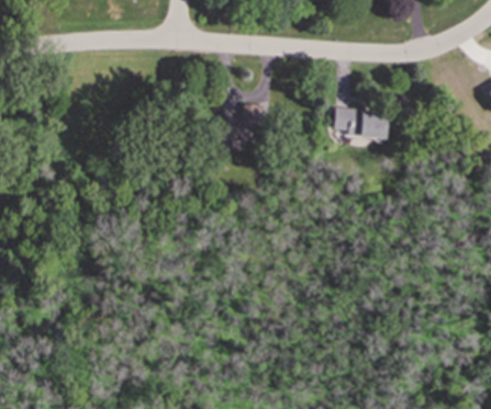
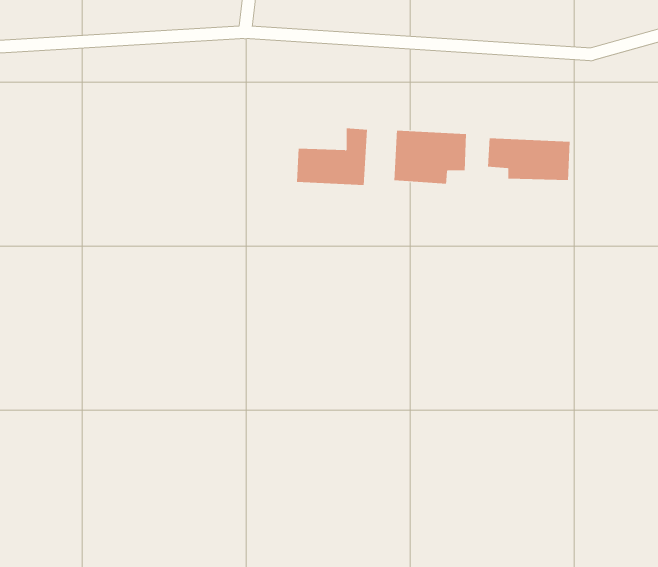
building: none -> [394,130,467,184]

